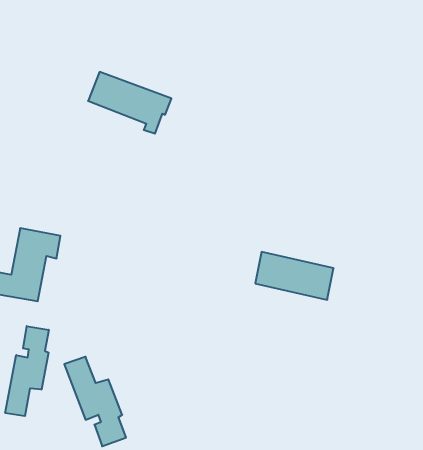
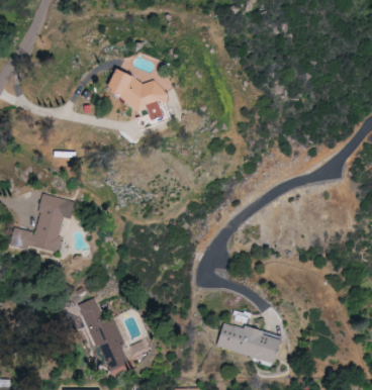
building: [255,252,334,300] -> [216,323,279,362]
building: [5,326,49,416] -> none

